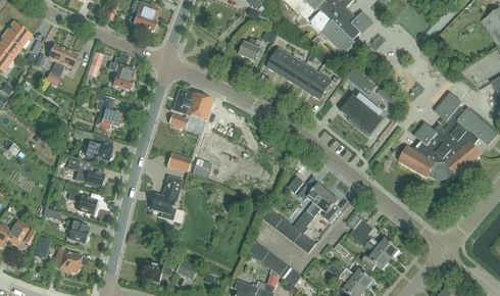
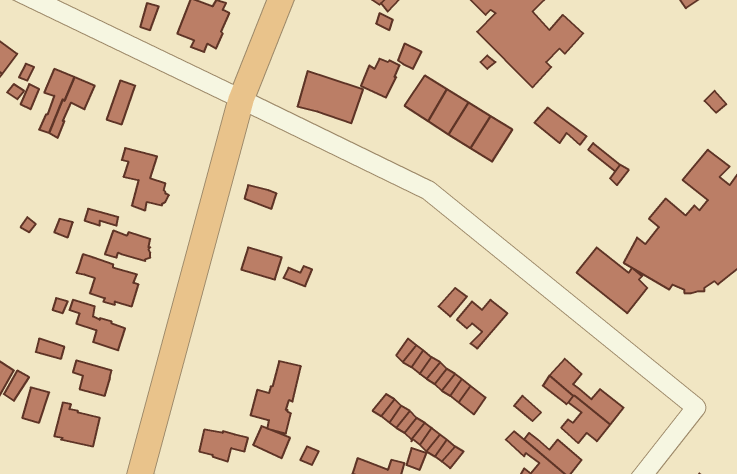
building: [108,52,136,89] -> none
building: [173,88,213,119] -> [297,71,363,123]
building: [341,94,384,134] -> [577,247,647,313]
building: [151,176,182,219] -> [250,361,301,434]
building: [306,191,340,221] -> none

